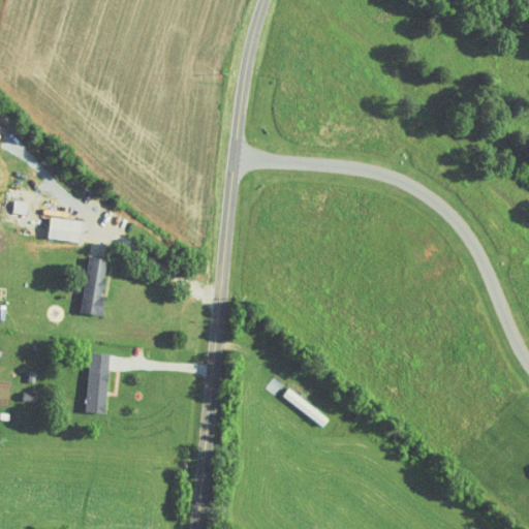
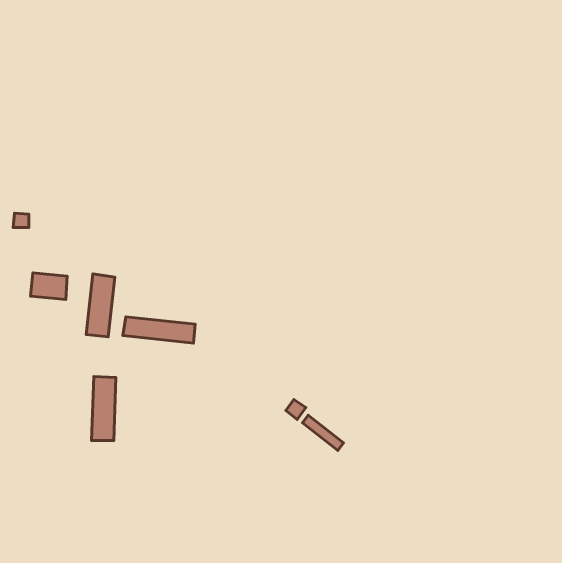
building: [46,217,81,242] -> [31,273,67,299]
building: none -> [123,317,195,343]

